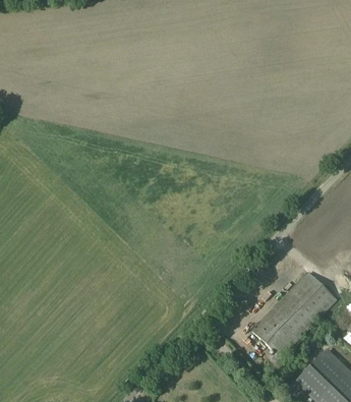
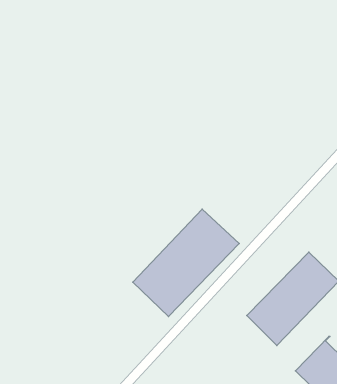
building: none -> [133,209,239,317]

